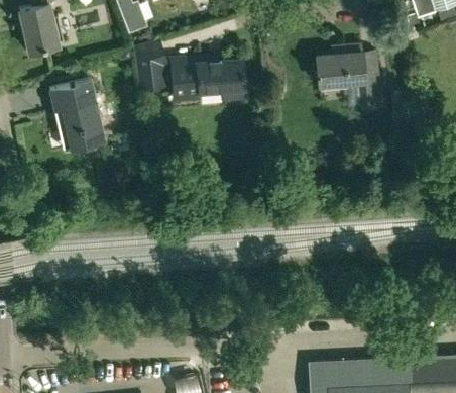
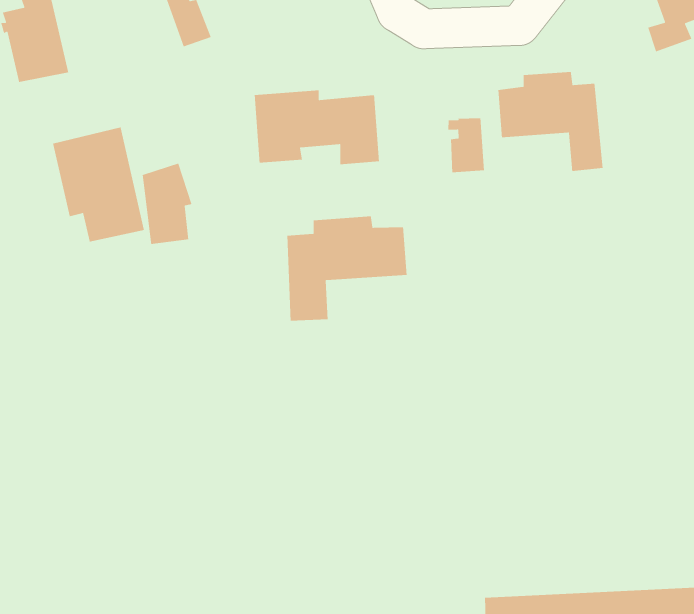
building: [137,39,167,89] -> [142,163,192,245]
building: none -> [448,117,485,173]
building: none -> [287,215,407,322]

